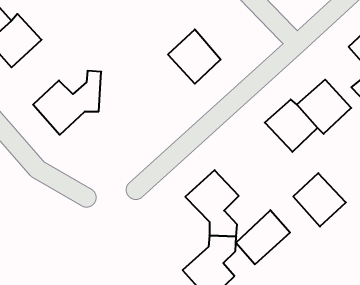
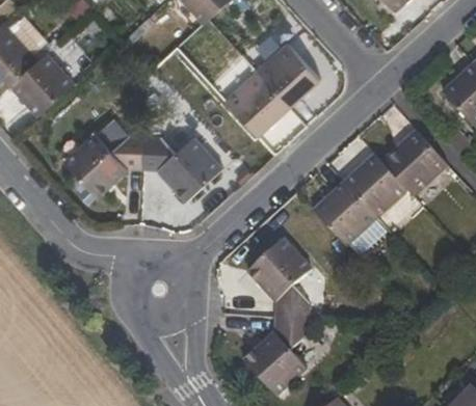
building: none -> [258,43,318,106]
building: none -> [142,134,220,200]
building: [293,173,346,227] -> [312,182,375,246]
building: [236,210,290,264] -> none

